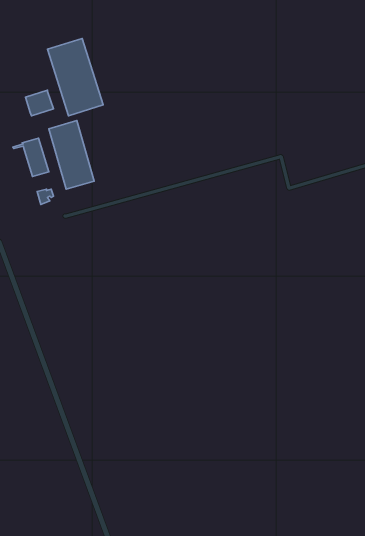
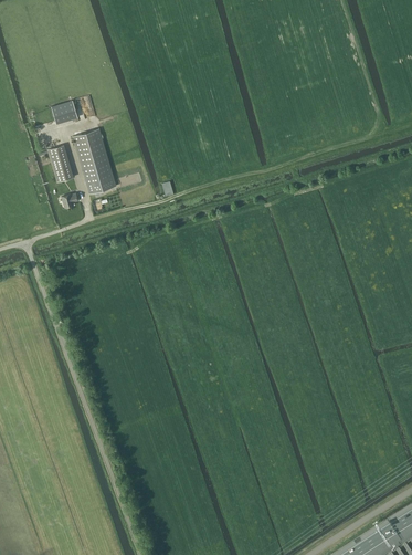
building: [48,38,103,116] -> none

